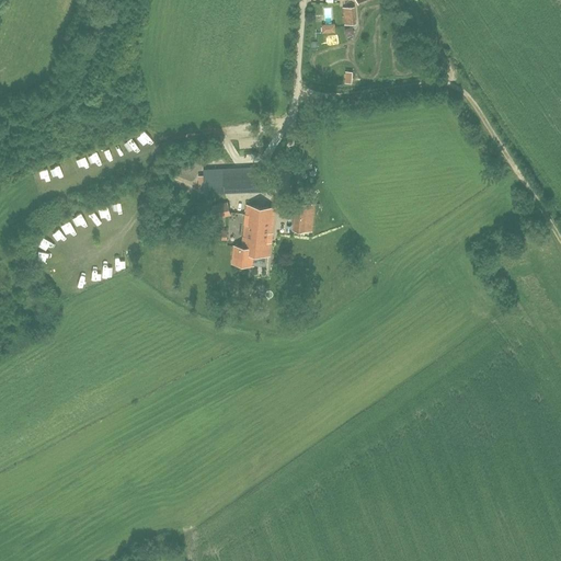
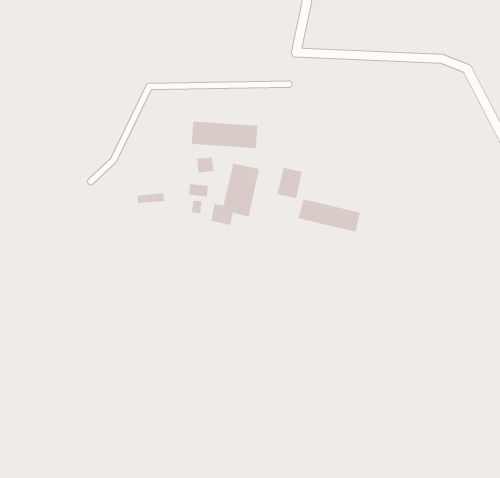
building: none -> [298,199,361,232]

